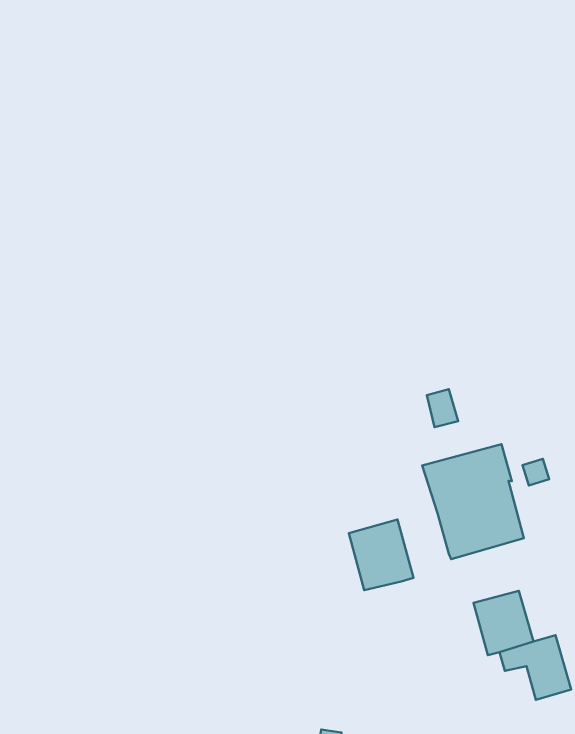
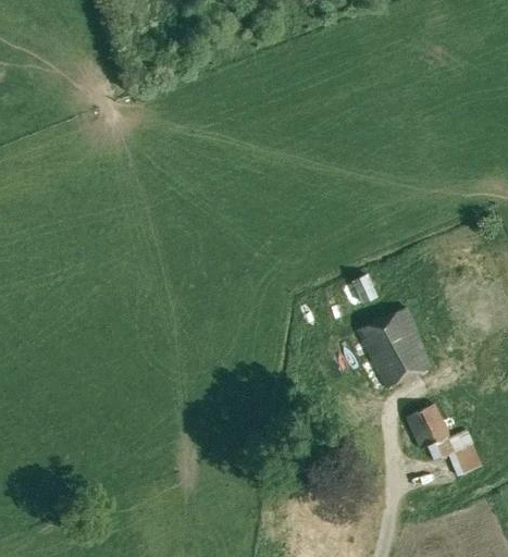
building: [349,519,414,590] -> none

